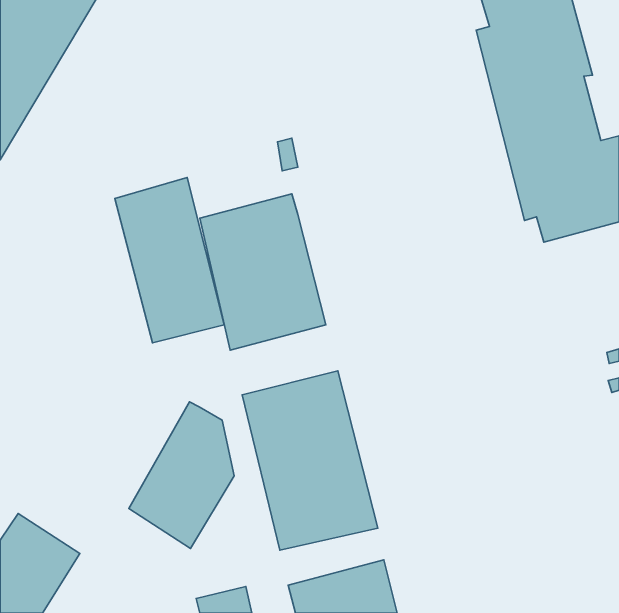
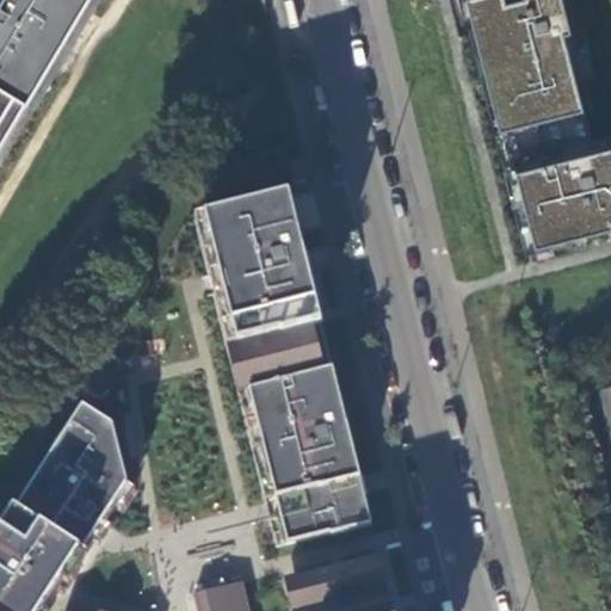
building: [115,177,224,343] -> none
building: none -> [227,320,333,389]
building: [129,402,234,548] -> [18,401,122,545]

